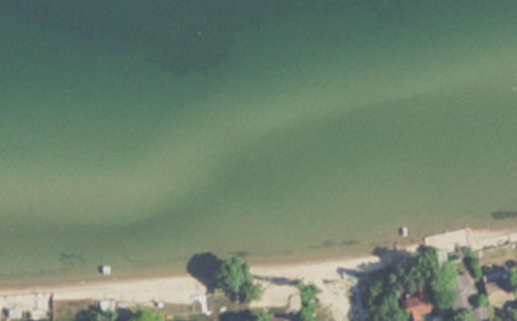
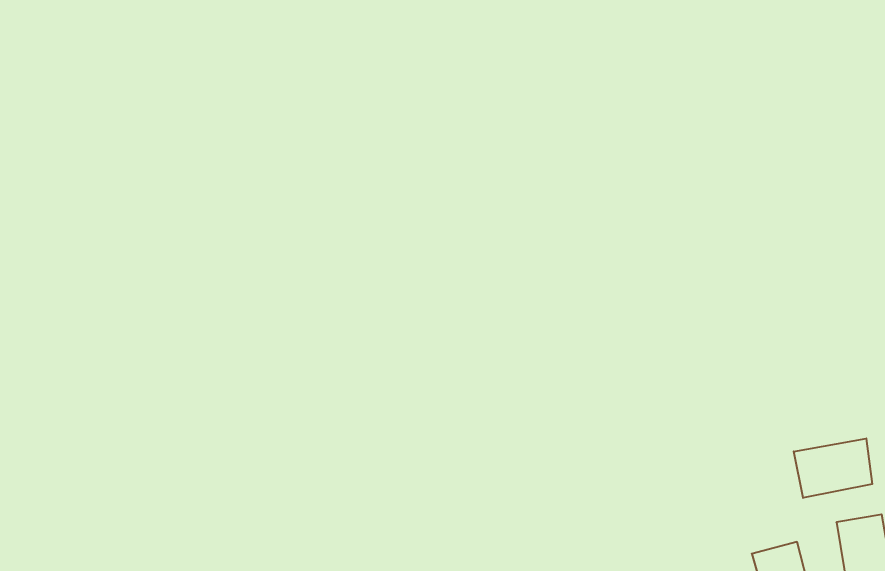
building: none -> [794,438,872,498]

